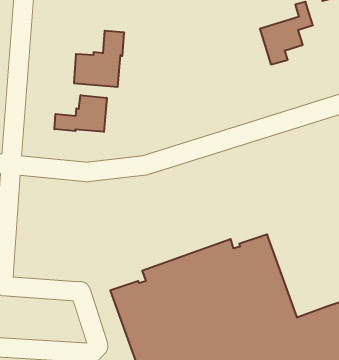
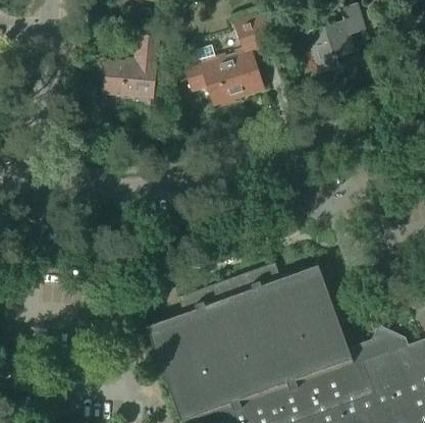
building: none -> [185,17,273,106]
building: [54,95,107,132] -> none

